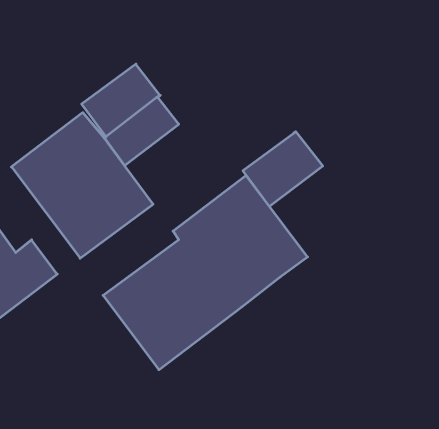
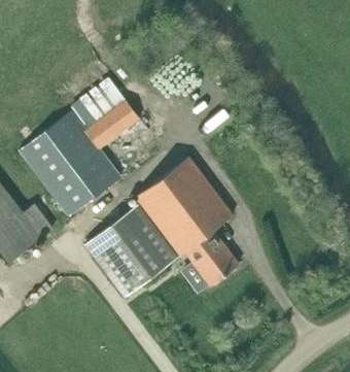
building: [243,132,323,207] -> none
building: none -> [184,231,238,286]

